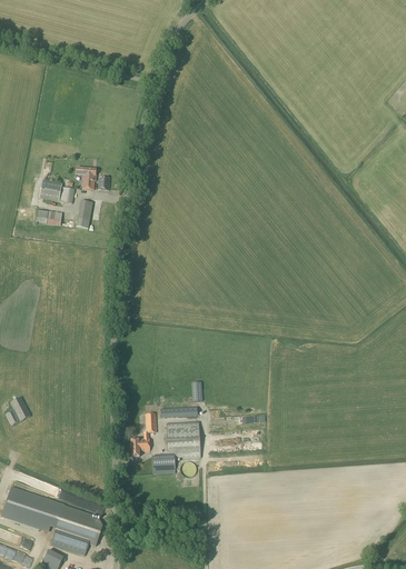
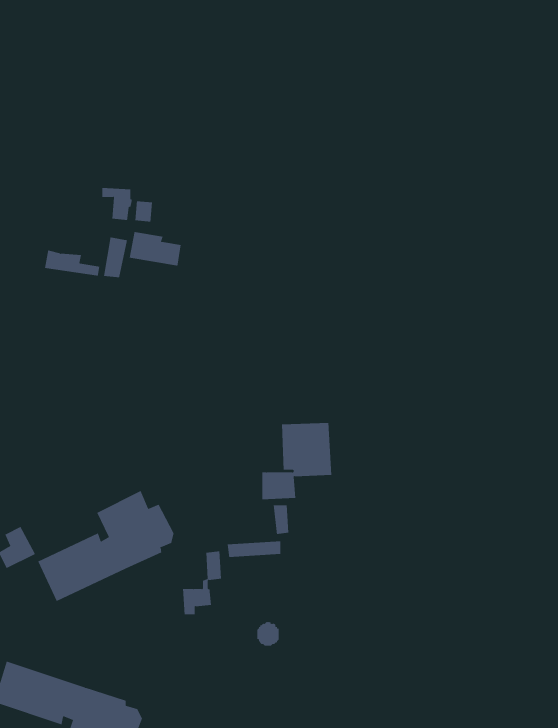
building: [39,179,75,202] -> [129,232,181,266]
building: none -> [38,490,174,602]
building: [152,421,200,473] -> [262,423,332,500]

